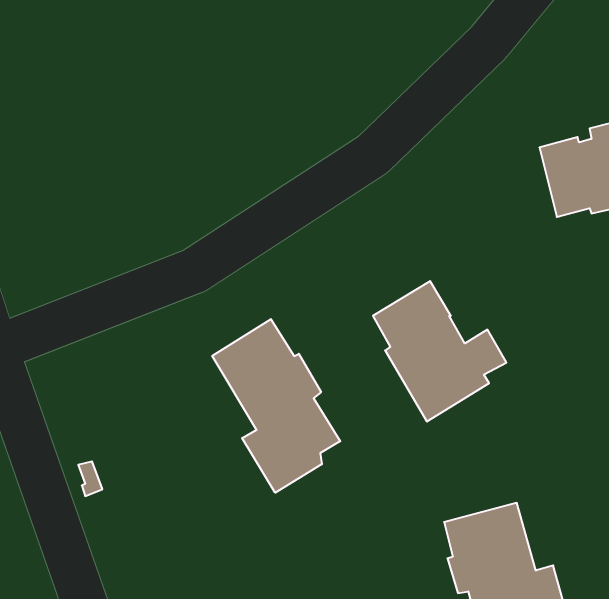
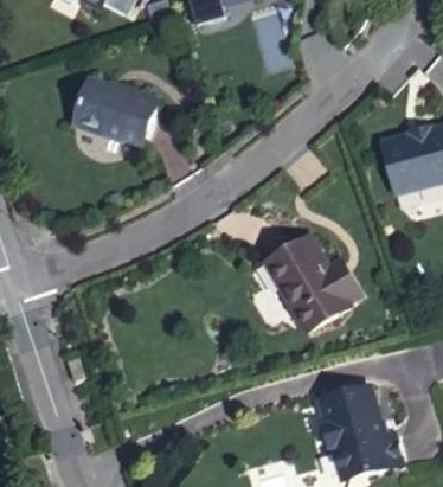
building: none -> [70,78,154,143]
building: [212,319,340,493] -> none

